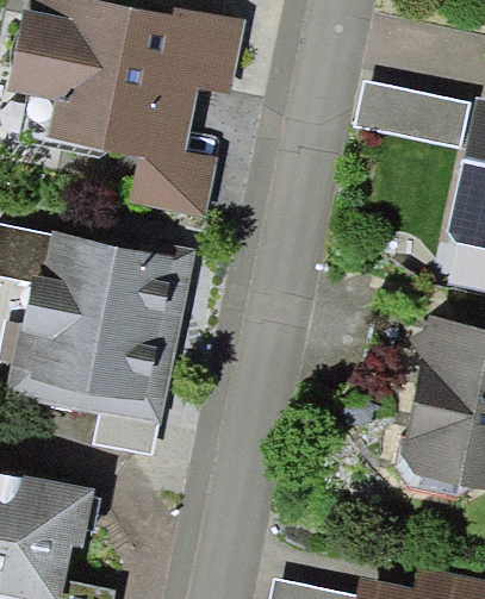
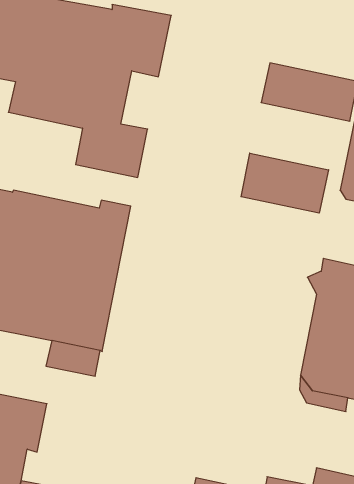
building: none -> [241,153,329,213]

